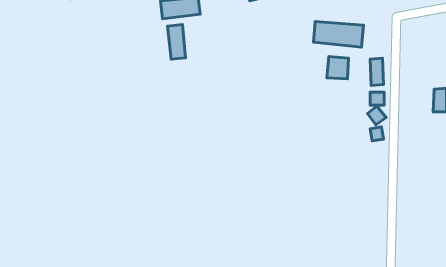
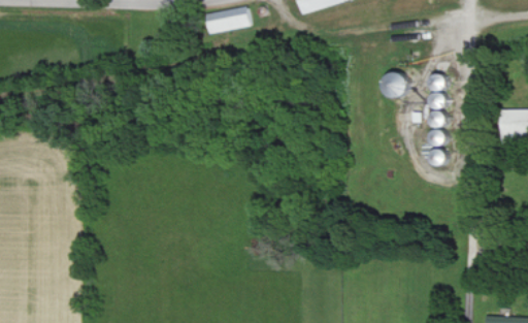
building: [313,21,364,47] -> none
building: [167,25,185,59] -> none

